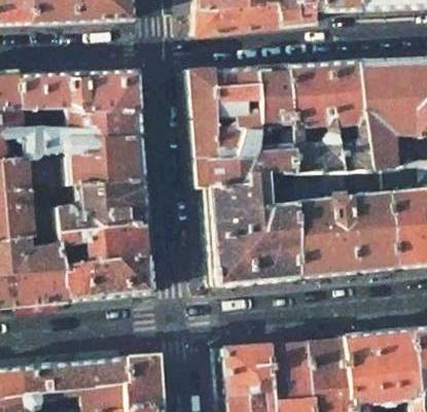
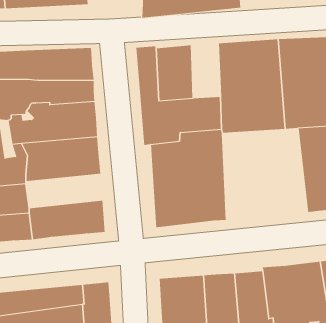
building: [256,66,291,132] -> none
building: [293,168,395,278] -> none
building: [58,222,150,264] -> none

